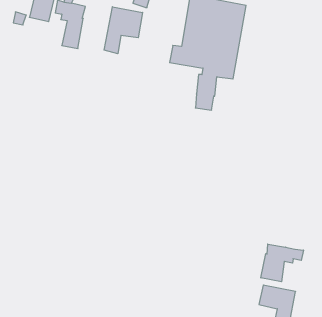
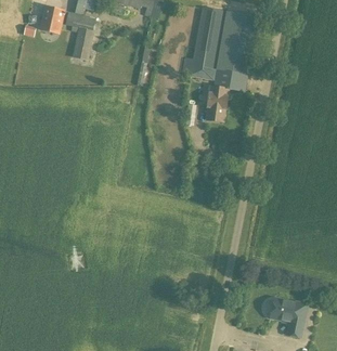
building: [104,7,143,54] -> none
building: [261,244,303,282] -> none

